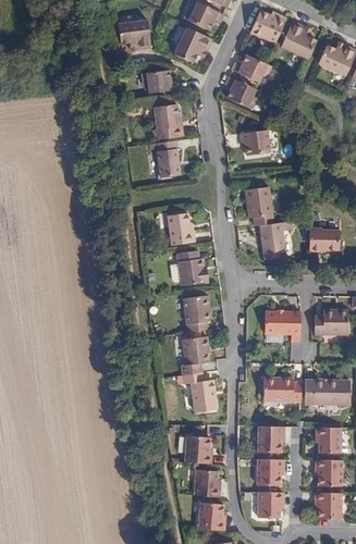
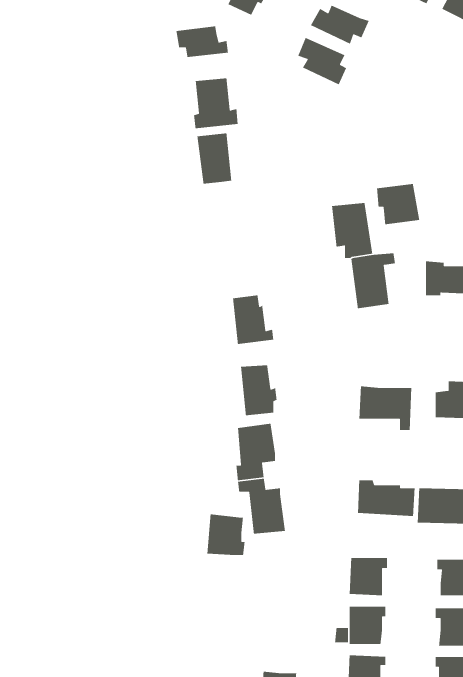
building: [241,125,270,153] -> [376,183,420,225]
building: [168,212,194,243] -> none
building: [185,435,211,463] -> [207,514,246,556]
building: [194,470,220,497] -> none

